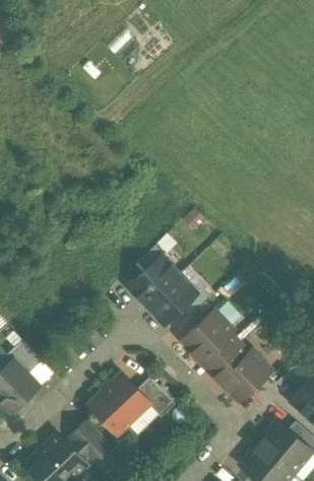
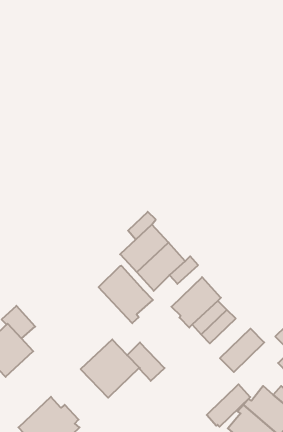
building: none -> [99,266,153,323]
building: [218,351,263,395] -> [207,384,250,427]
building: [69,421,112,465] -> none

